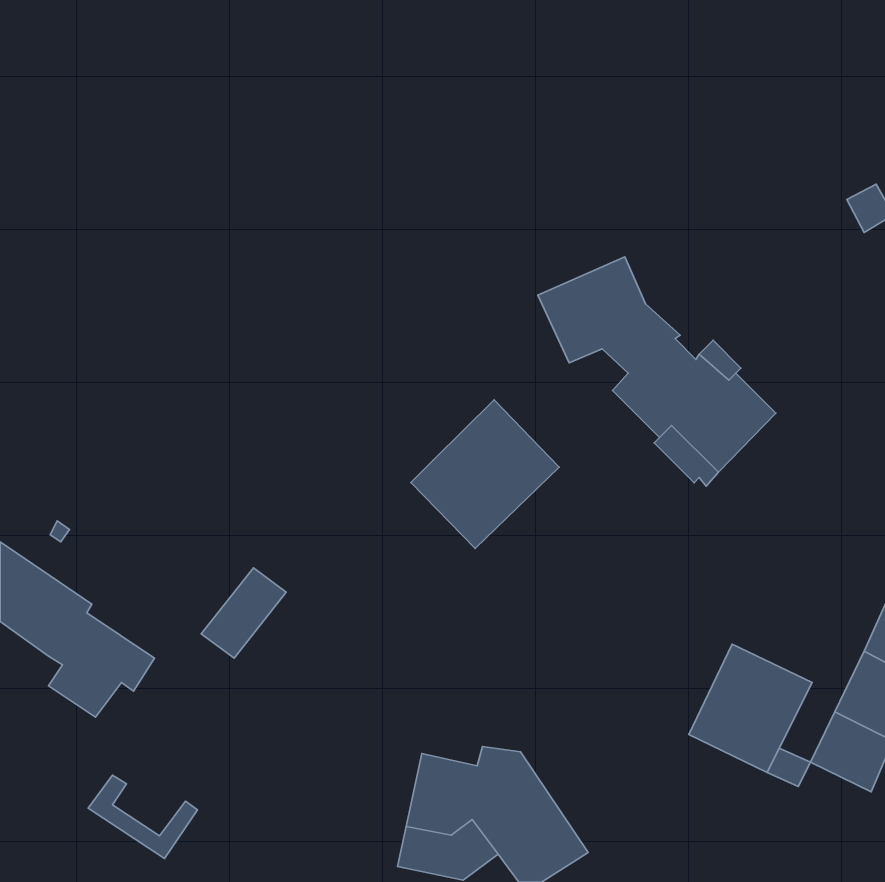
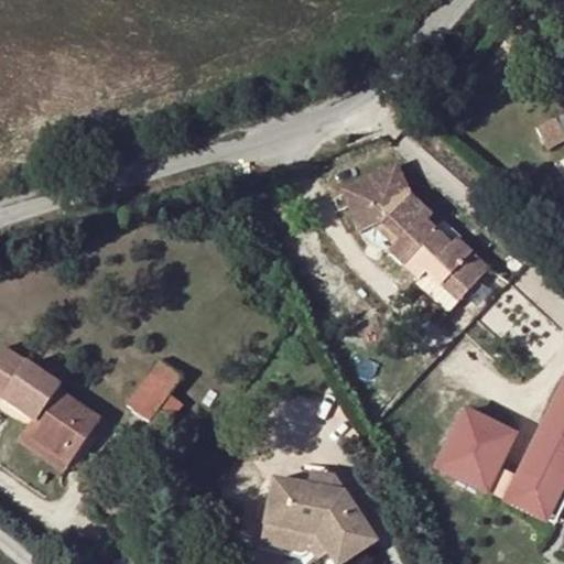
building: [411,400,559,548] -> none
building: [88,775,198,859] -> [17,416,86,469]

